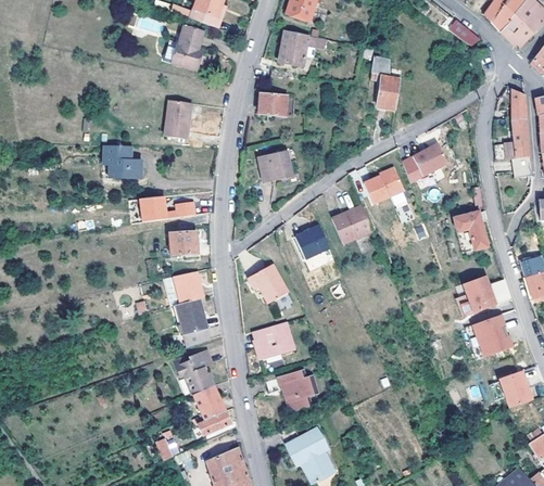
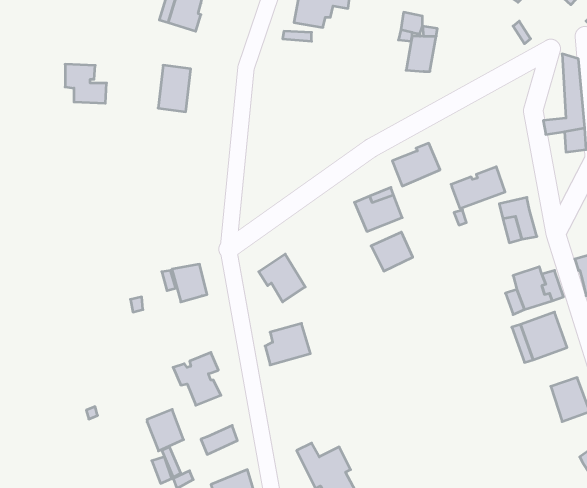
building: [260,92,288,115] -> none
building: [115,145,151,179] -> [65,64,107,103]
building: [403,145,450,181] -> [451,167,505,208]
building: [256,152,290,183] -> none
building: [141,194,198,220] -> none
building: [293,225,329,258] -> [371,232,413,271]
building: [169,231,197,253] -> none
building: [176,298,208,346] -> none
building: [266,369,318,410] -> none
building: [194,384,226,420] -> [147,409,184,451]

